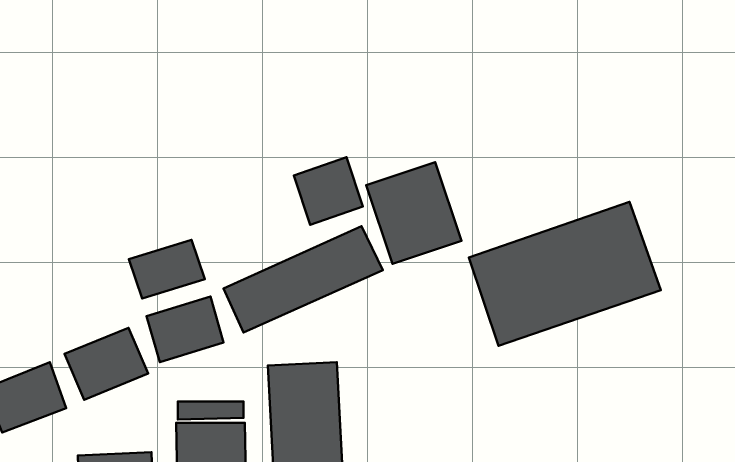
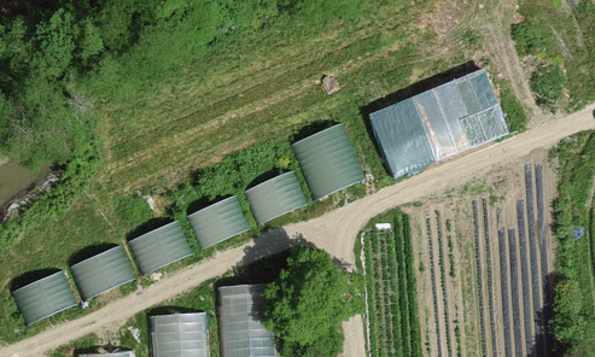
building: [294,157,363,225] -> none
building: [469,202,661,346] -> [366,71,507,177]
building: [129,240,205,298] -> none

